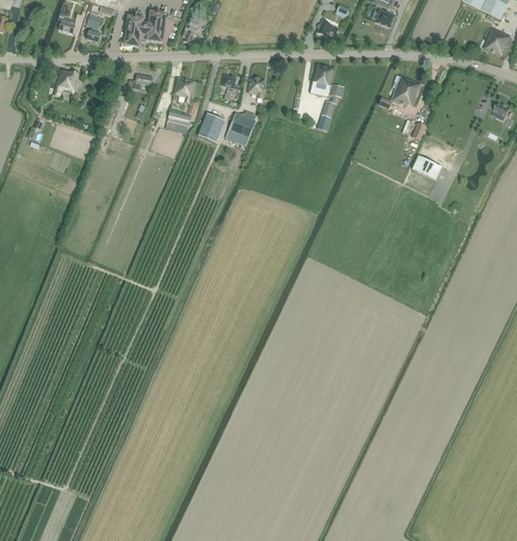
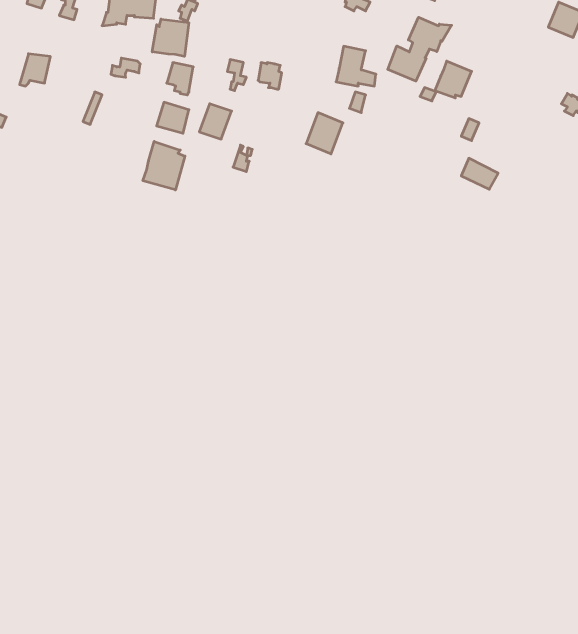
building: none -> [388,17,452,81]
building: none -> [152,19,189,56]
building: [226,112,256,146] -> [306,113,343,154]
building: none -> [143,141,185,190]

